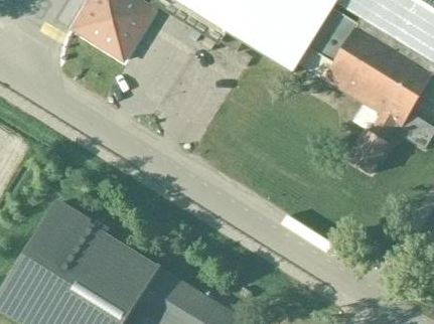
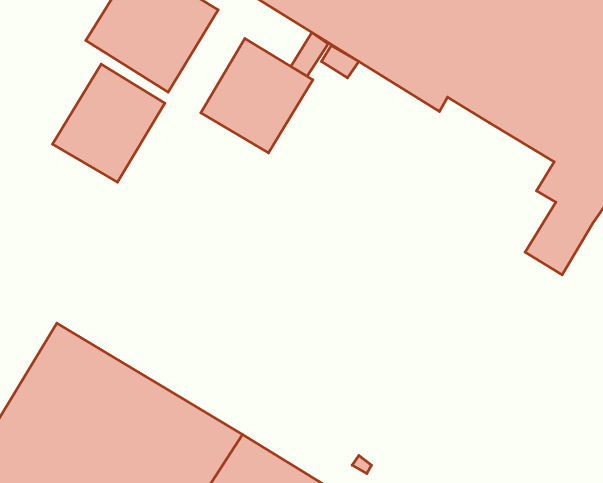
building: none -> [201,38,313,153]
building: none -> [52,64,165,182]

